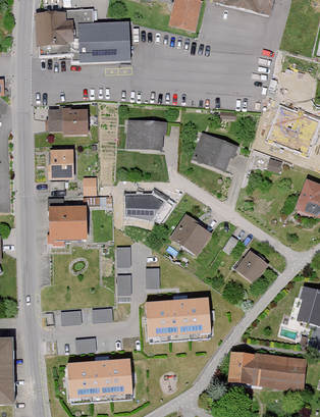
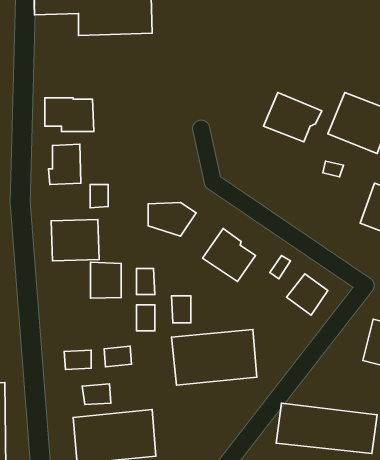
building: [123,122,164,152] -> none
building: [190,135,235,173] -> [264,93,322,142]
building: none -> [91,262,121,298]

